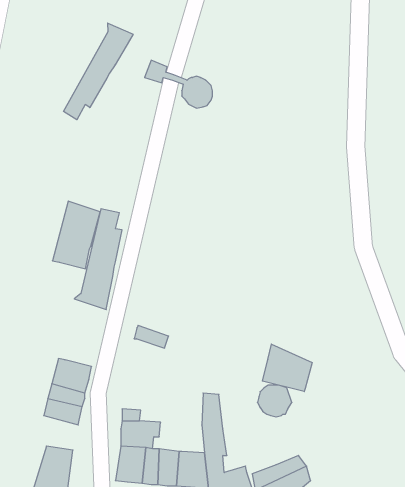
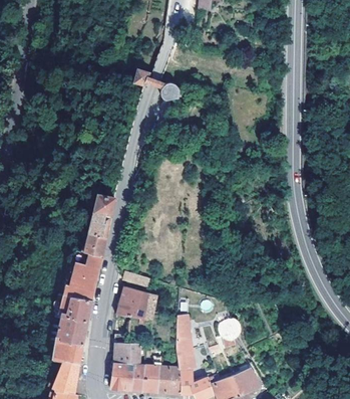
building: [64,23,133,120] -> none
building: [52,201,100,269] -> [67,250,103,302]
building: [262,344,312,392] -> none
building: none -> [117,286,157,322]
building: none -> [49,339,82,365]

